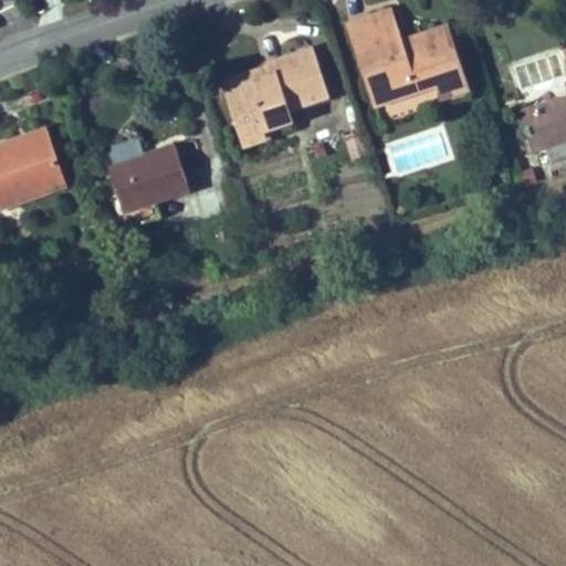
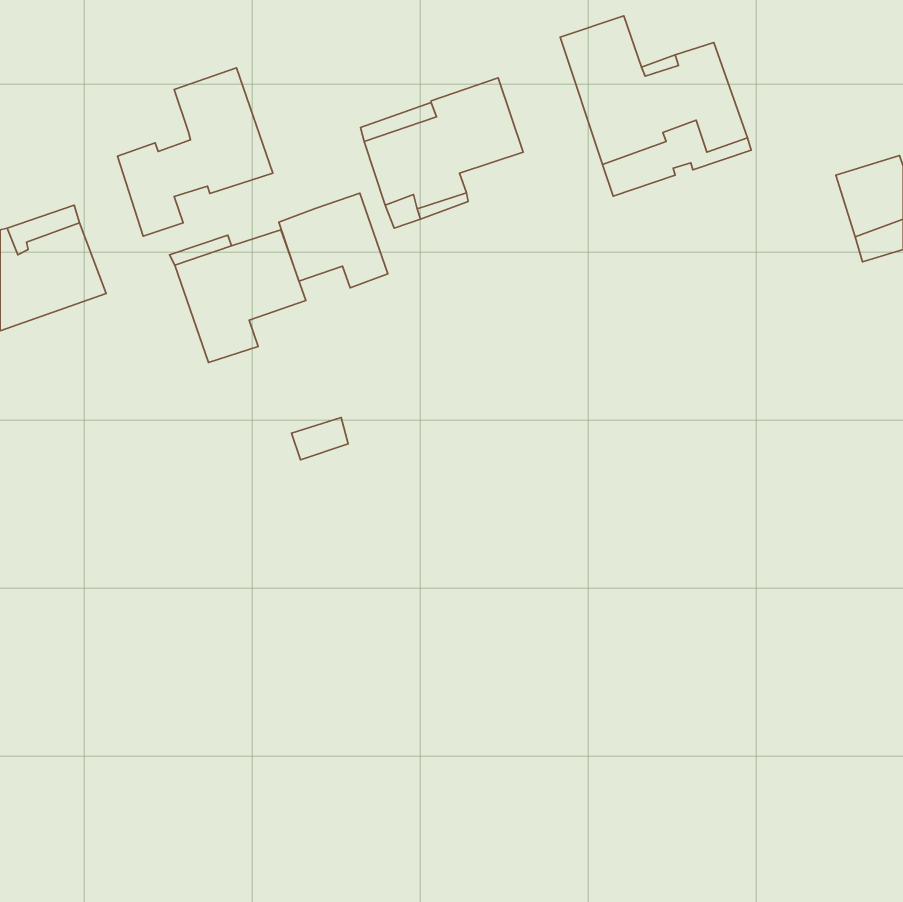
building: none -> [117,68,273,236]
building: none -> [279,193,388,288]

